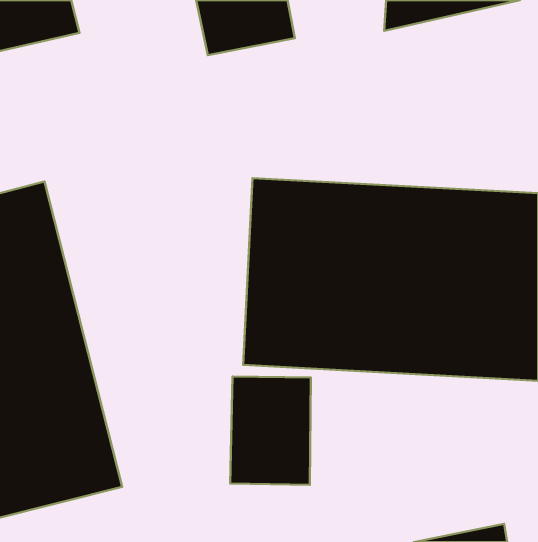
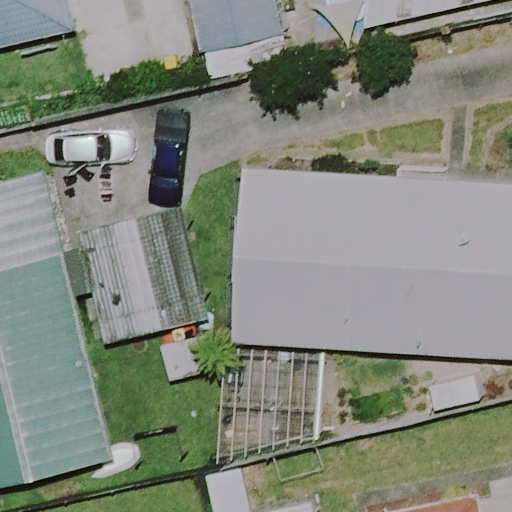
building: none -> [76,207,208,344]

